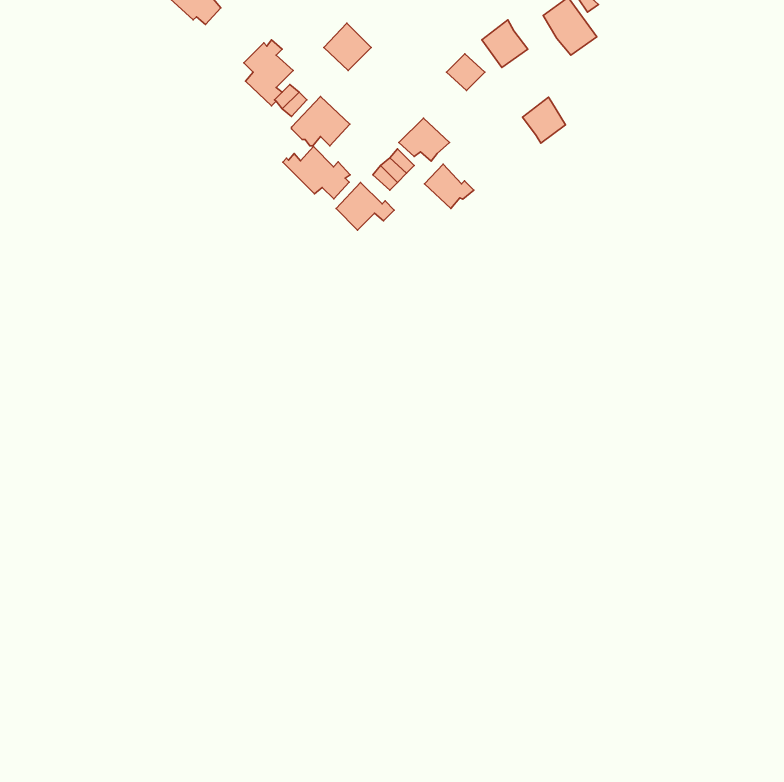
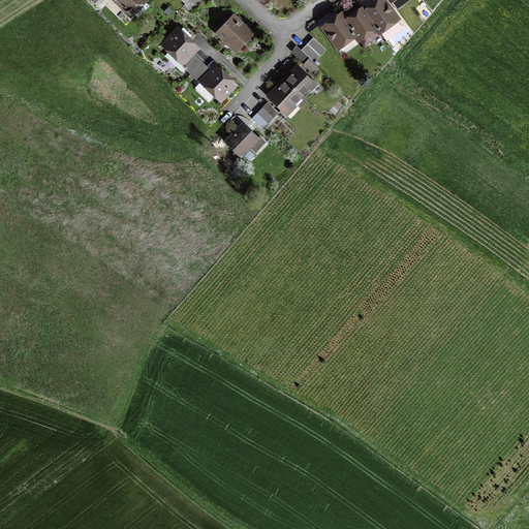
building: [522,97,565,143] -> [346,7,375,38]
building: [283,147,350,199] -> none
building: [425,164,474,208] -> [285,66,318,96]

